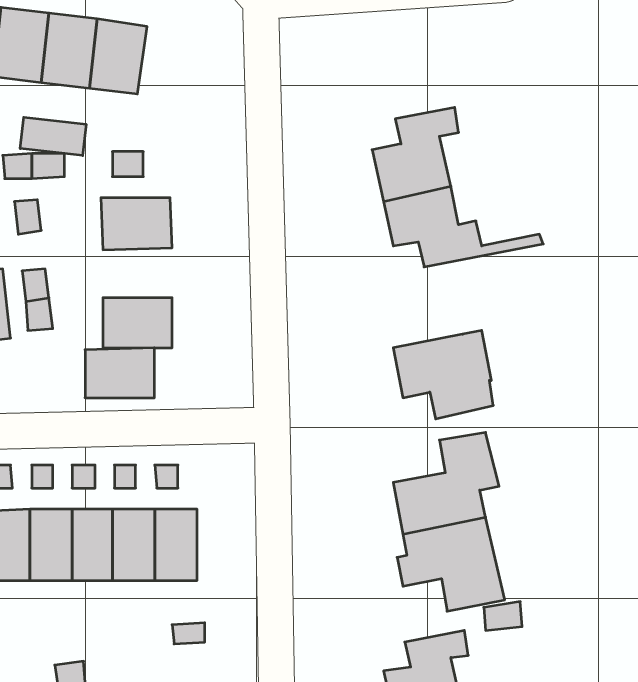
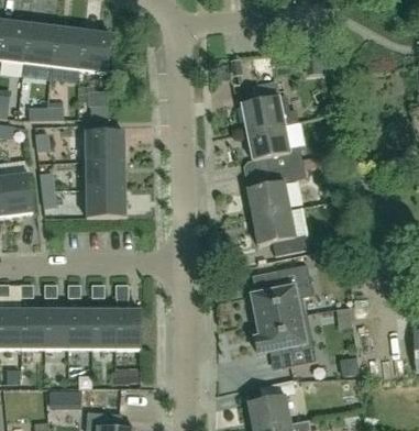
building: [20,117,86,156] -> none
building: none -> [246,157,338,217]
building: [85,348,154,398] -> [86,159,125,188]

